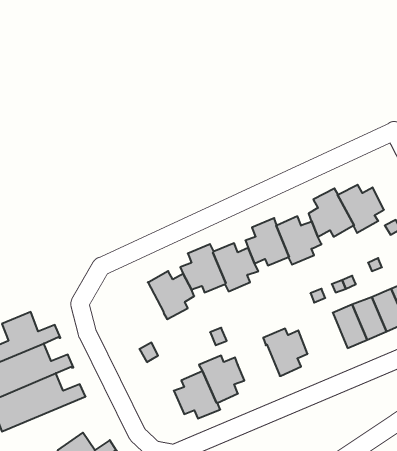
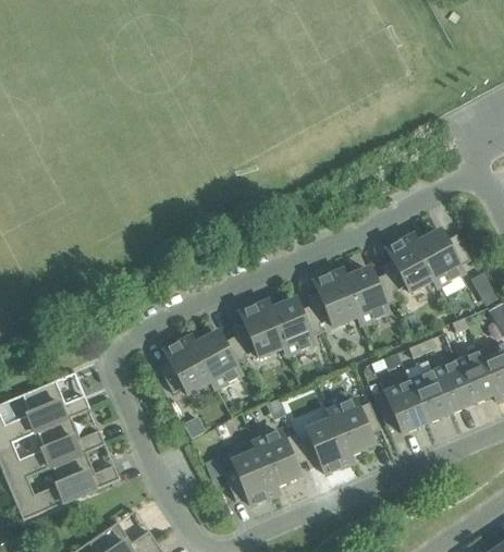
building: none -> [158,335,211,392]
building: none -> [373,380,427,431]
building: none -> [298,417,352,474]

